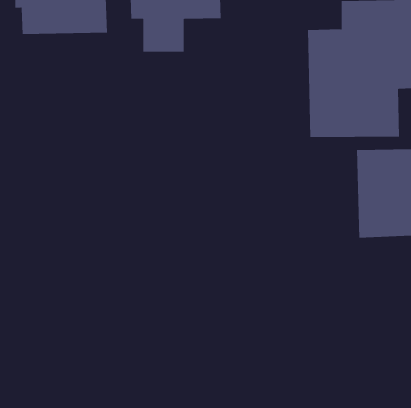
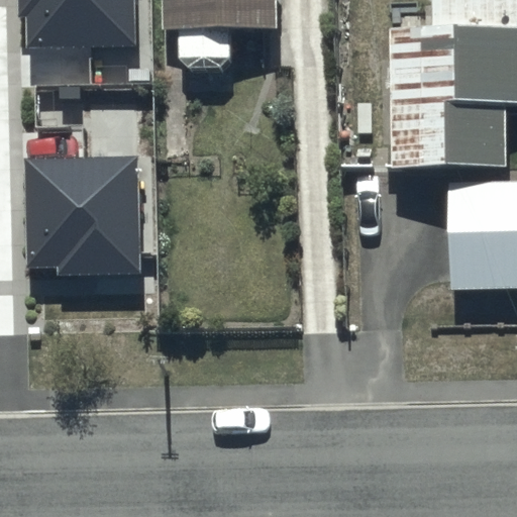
building: none -> [27,152,143,272]

